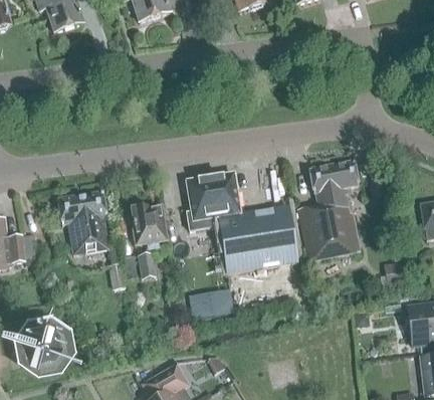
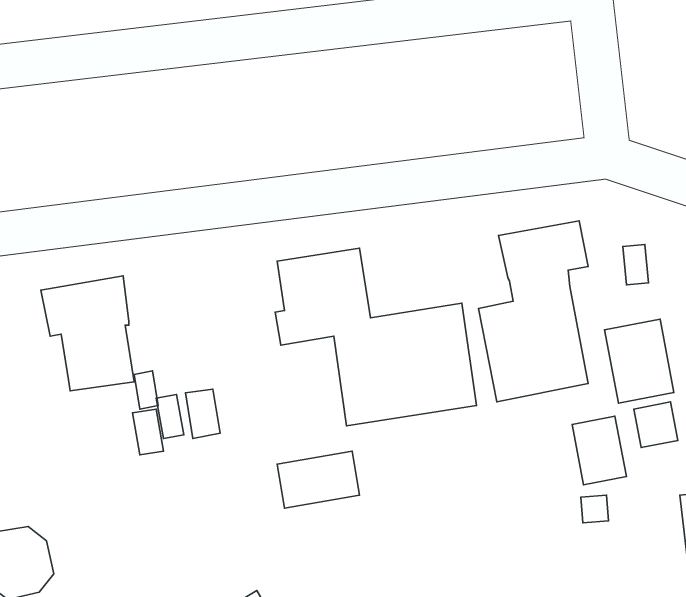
building: [130,204,166,247] -> none
building: none -> [604,319,674,403]
building: none -> [572,416,626,485]

